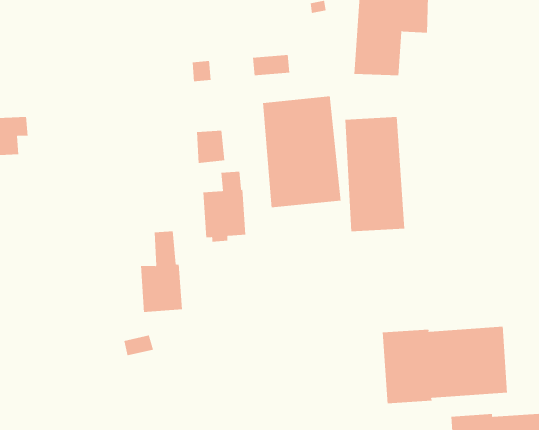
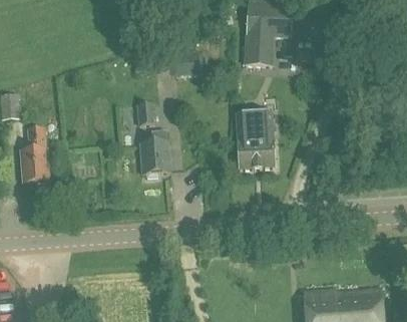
building: [262,96,341,208] -> none
building: [140,231,183,312] -> [20,127,48,182]
building: [382,326,507,404] -> none

